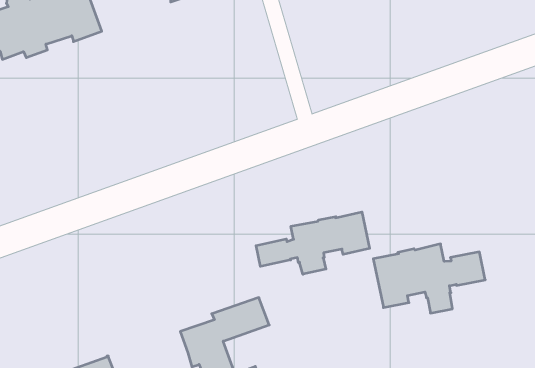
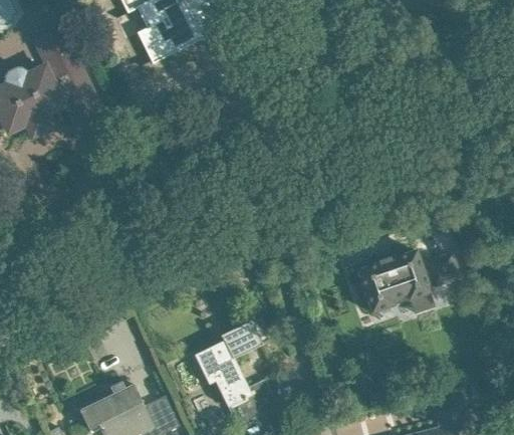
building: [256,212,370,274] -> none

